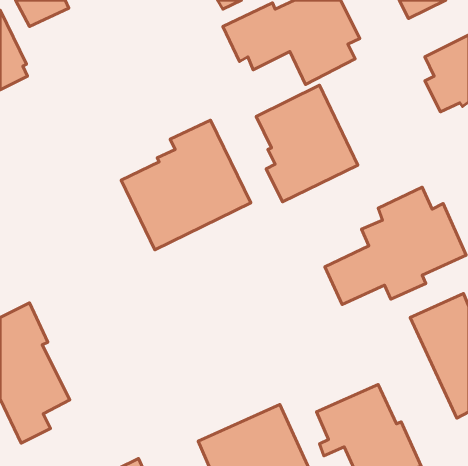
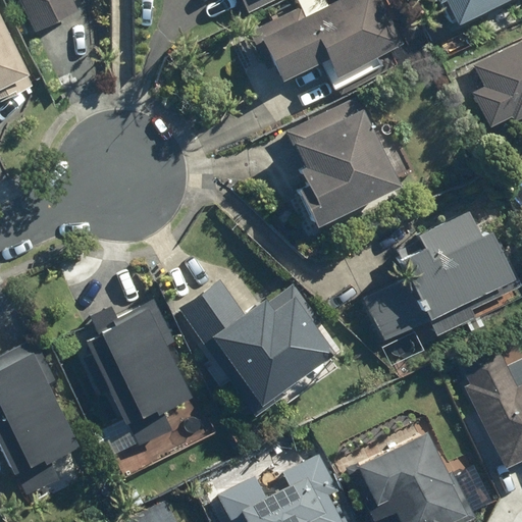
building: [121,120,251,250] -> none
building: none -> [178,280,336,416]
building: none -> [81,301,192,446]

